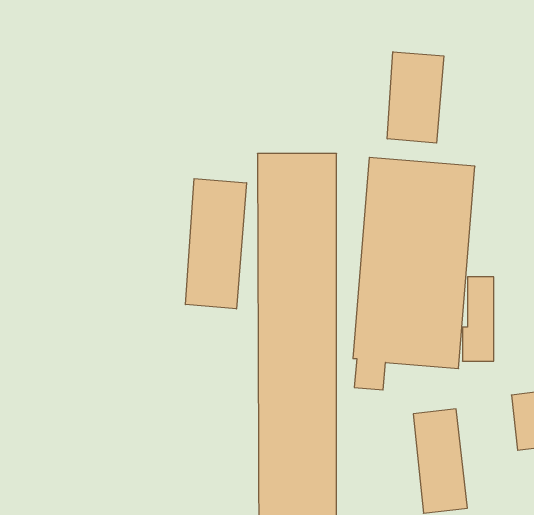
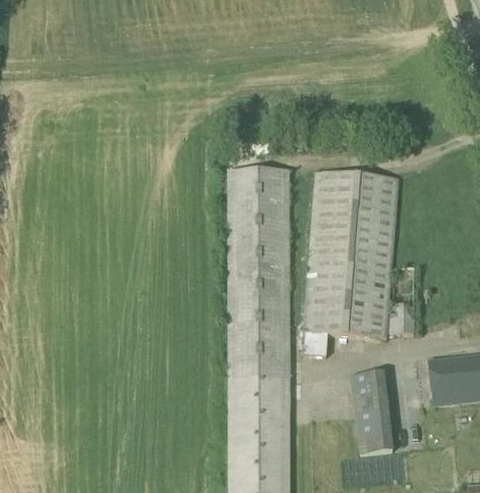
building: [387,52,444,143] -> none
building: [185,179,247,309] -> none

